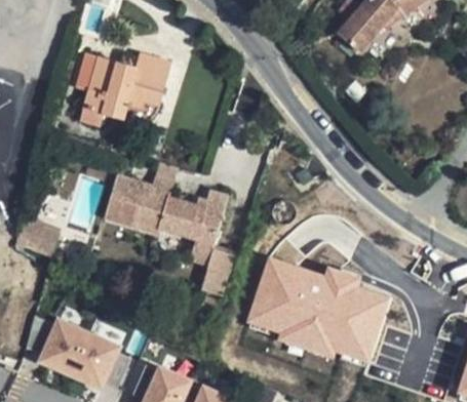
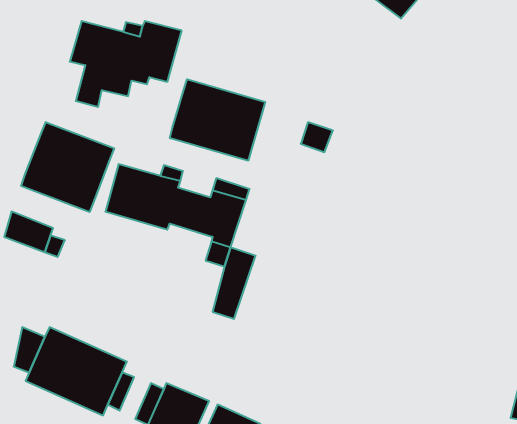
building: none -> [170,79,265,161]
building: none -> [21,122,114,212]
building: [244,253,391,363] -> none

